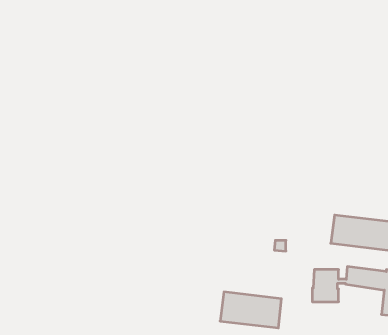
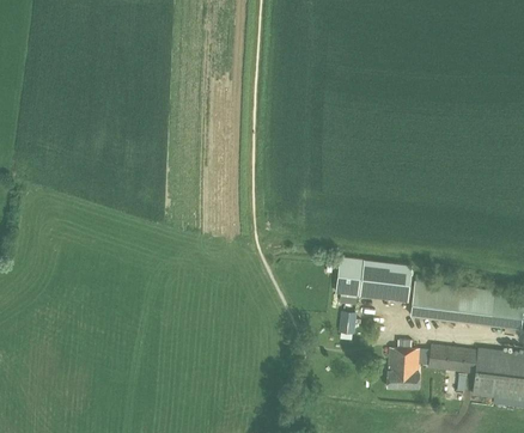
building: [220,292,281,328] -> [335,257,410,301]

